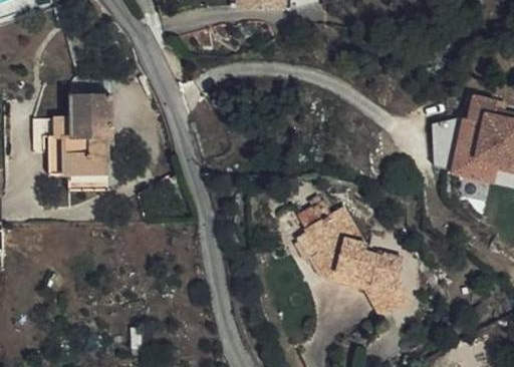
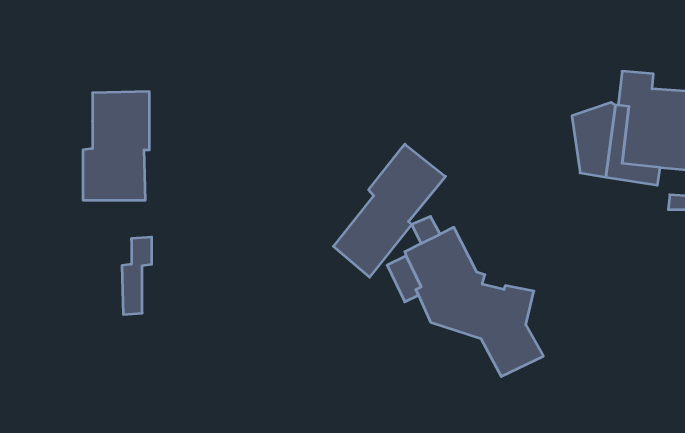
building: [50,123,72,180] -> [122,237,152,314]
building: none -> [333,144,446,277]

